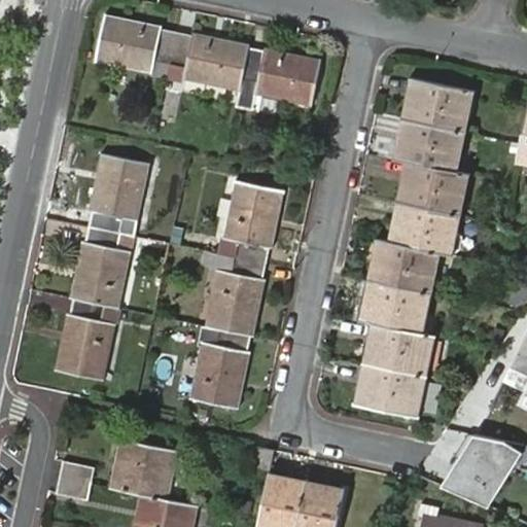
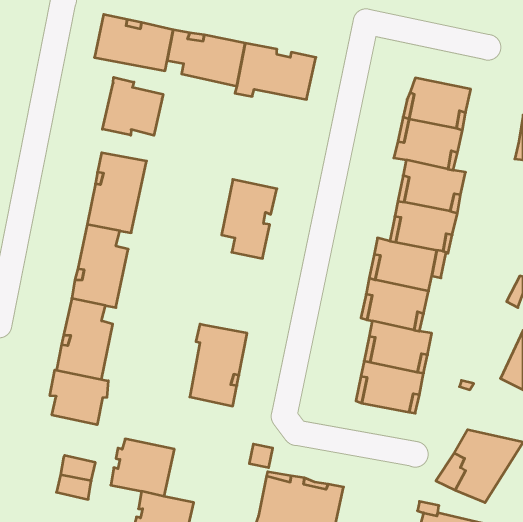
building: none -> [102,77,163,135]
building: [205,255,264,337] -> none
building: none -> [50,370,108,425]

